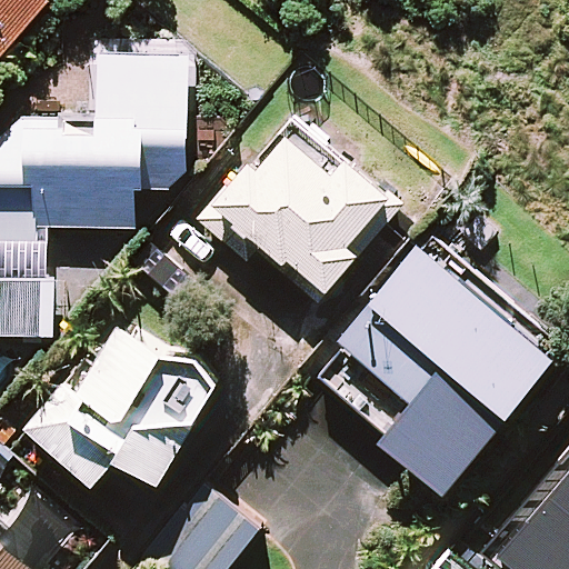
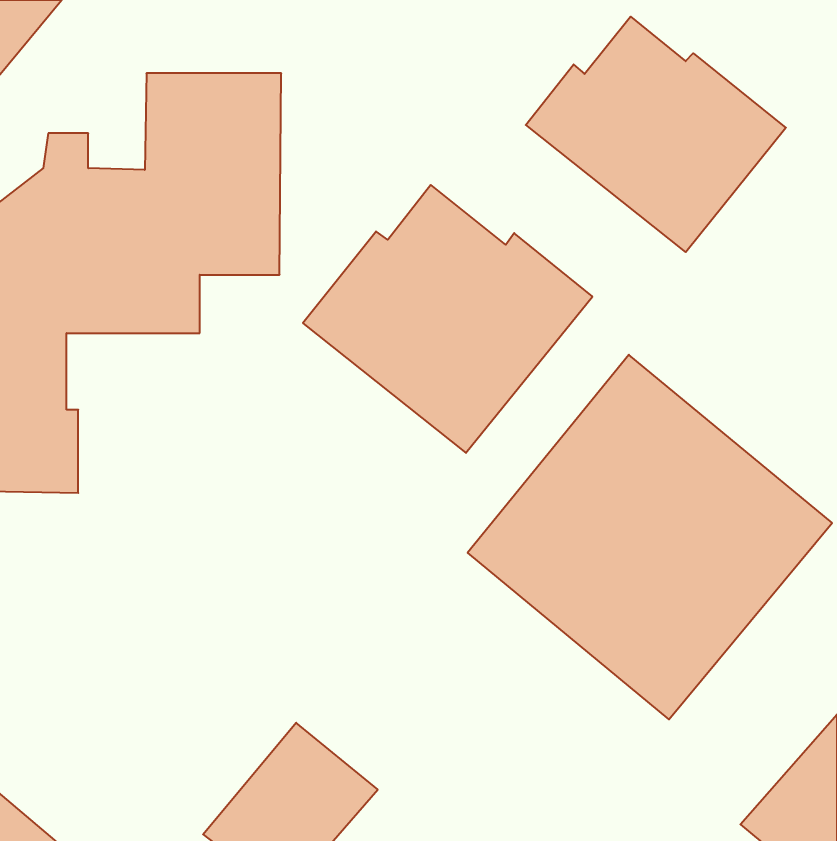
building: none -> [526,17,786,252]
building: [28,312,222,479] -> none

